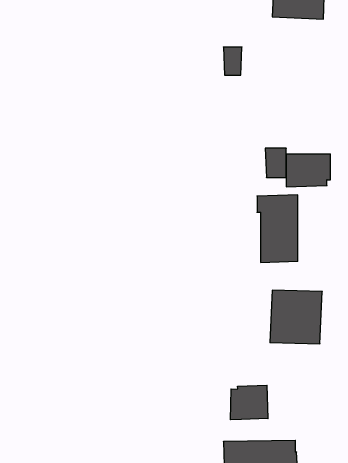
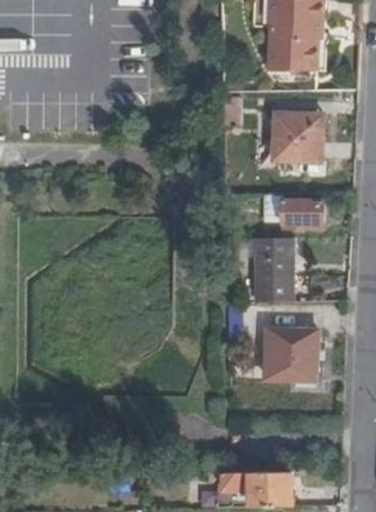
building: none -> [273,113,321,162]
building: [231,385,268,420] -> none

